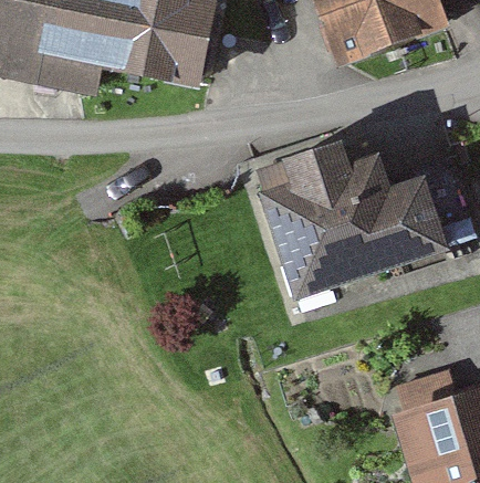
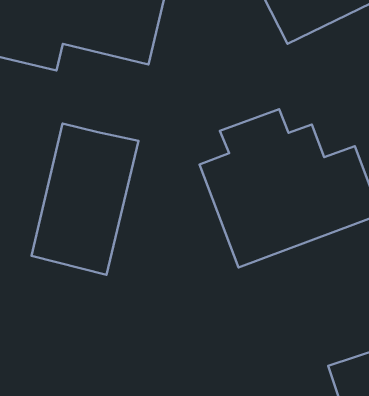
building: none -> [31,123,138,275]

